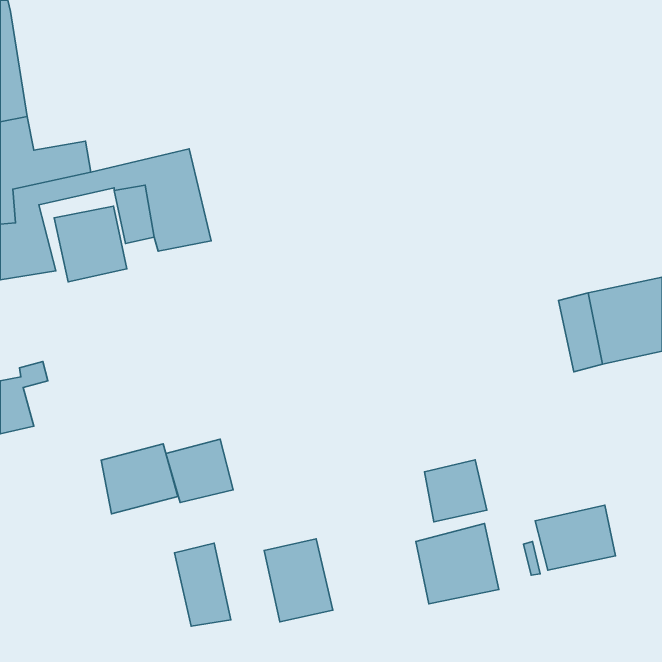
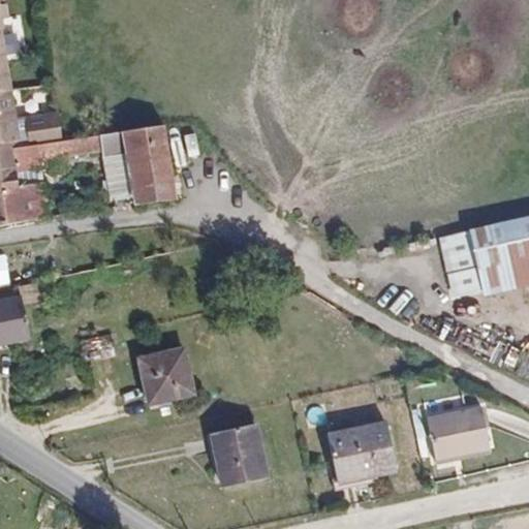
building: [54,206,127,282] -> none
building: [101,444,178,514] -> none
building: [424,460,487,522] -> none
building: [174,543,231,626] -> none

